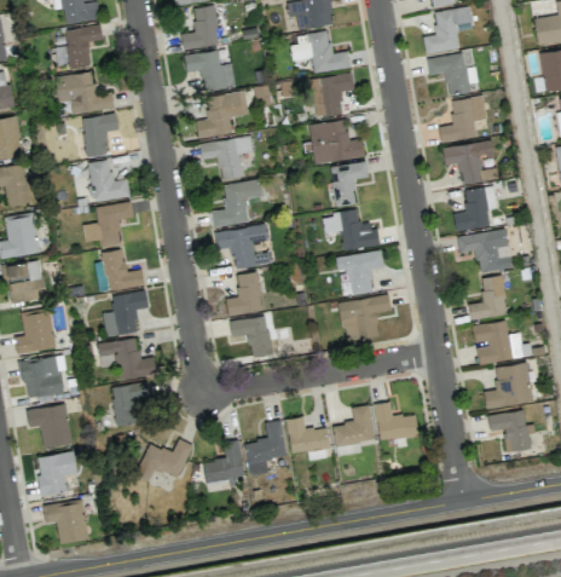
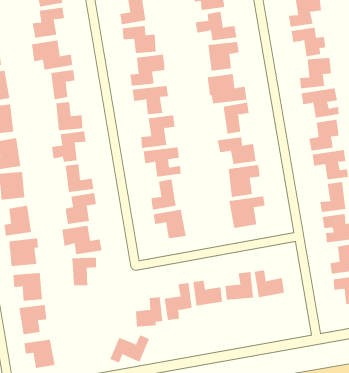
building: [135,439,193,480] -> [109,335,150,363]

